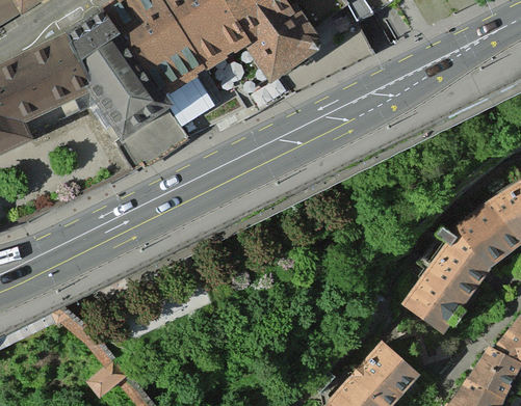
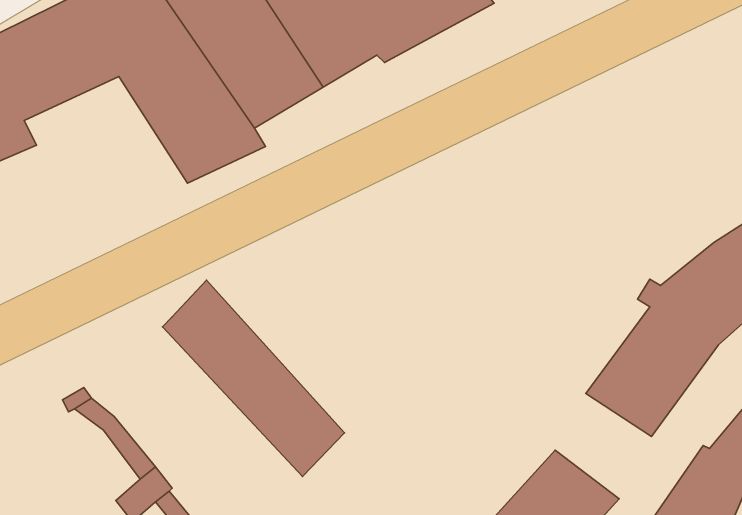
building: none -> [163,280,344,476]

